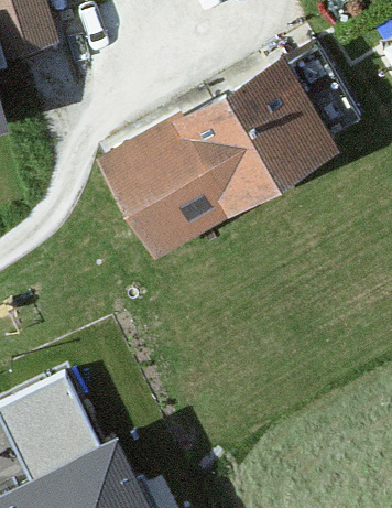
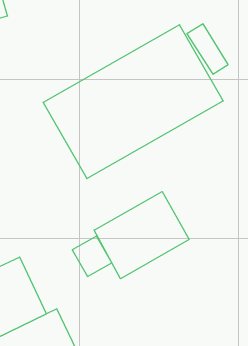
building: none -> [94,192,189,279]

